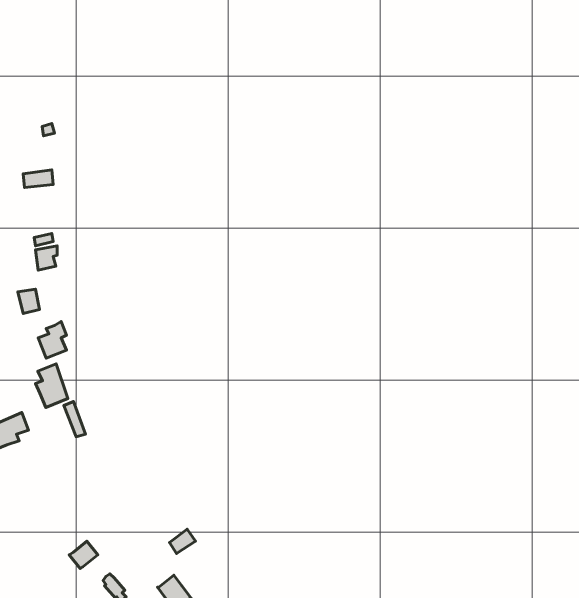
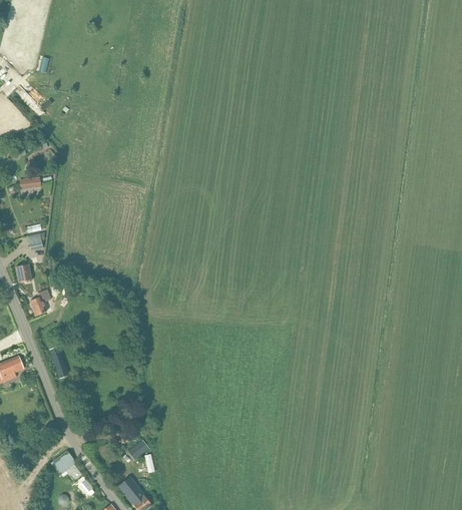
building: [35,364,68,408] -> none

